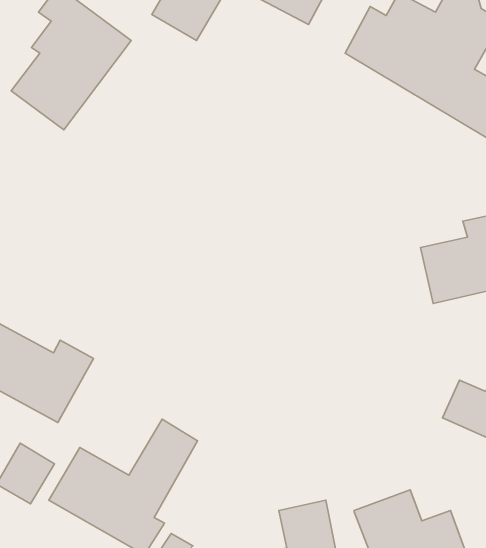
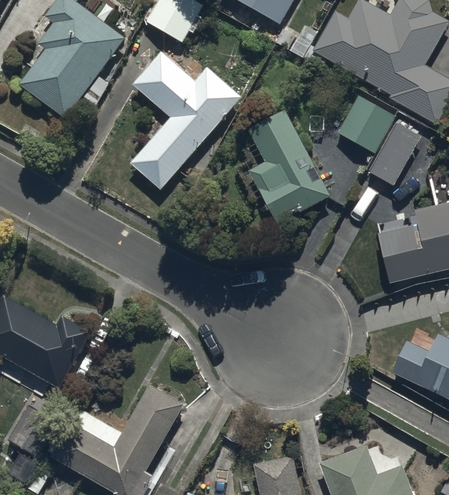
building: none -> [130,58,239,192]
building: none -> [335,94,394,156]
building: none -> [246,112,328,229]
building: none -> [367,126,421,189]

